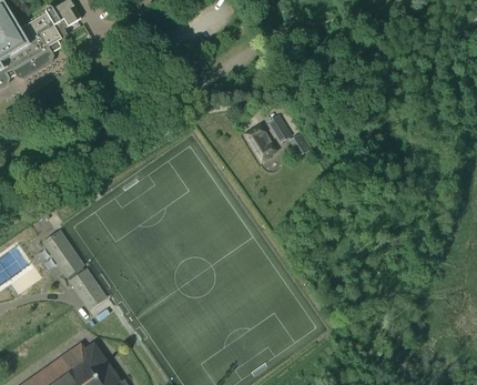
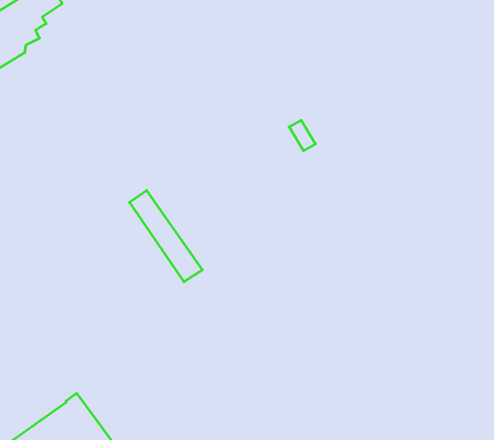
building: [246,122,278,158] -> none
building: [44,230,105,306] -> [129,190,202,282]

